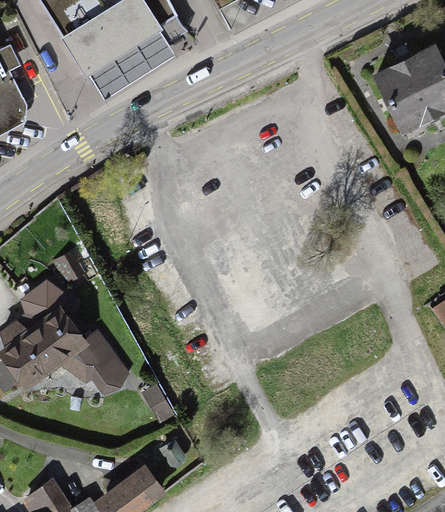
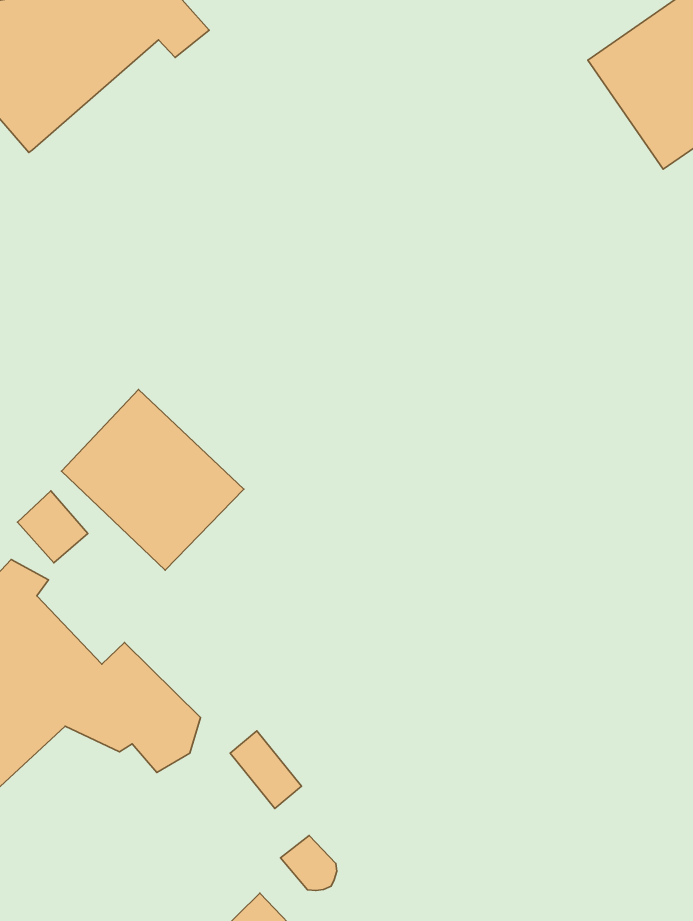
building: [89,32,175,100] -> none
building: none -> [62,390,244,570]

